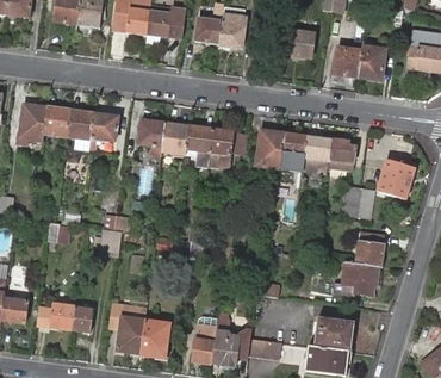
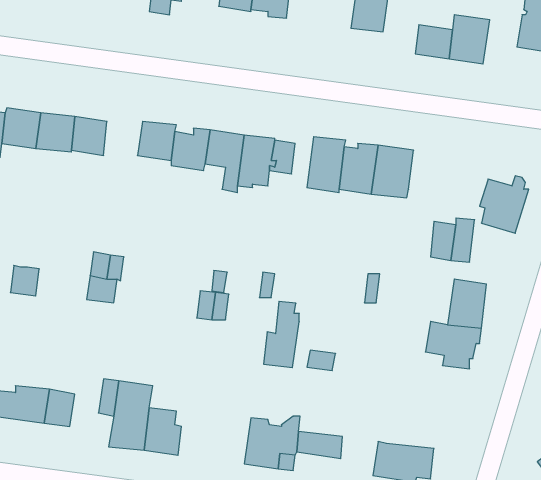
building: [330,140,358,169] -> none
building: [194,314,219,360] -> [264,301,299,368]
building: [315,316,352,349] -> none

